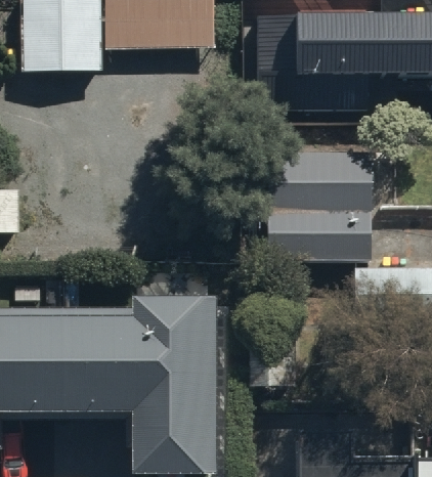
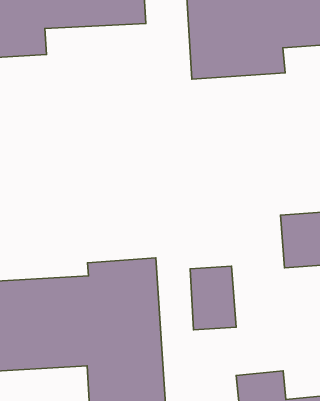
building: [269,144,369,256] -> none

